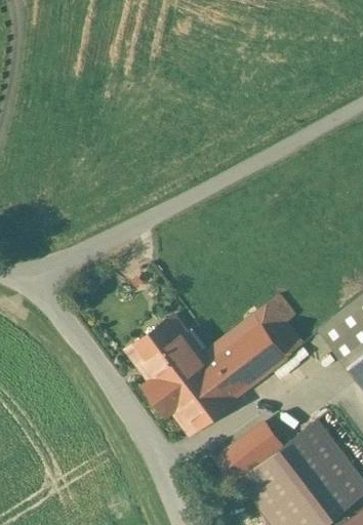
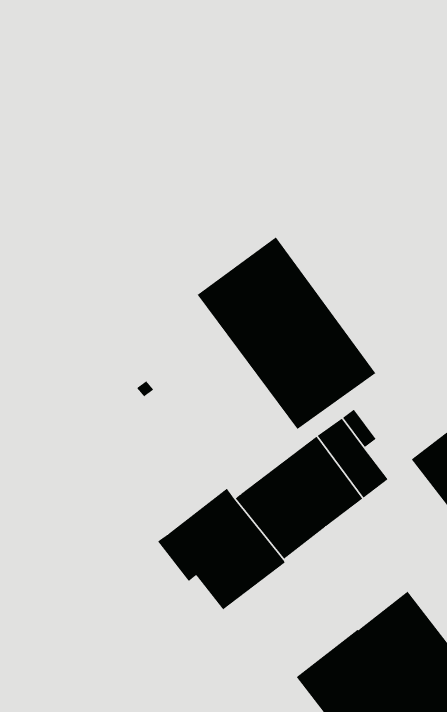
building: none -> [197,236,376,430]
building: [128,316,202,381] -> none
building: [216,422,283,483] -> none

